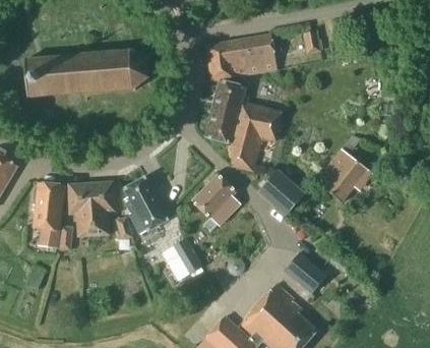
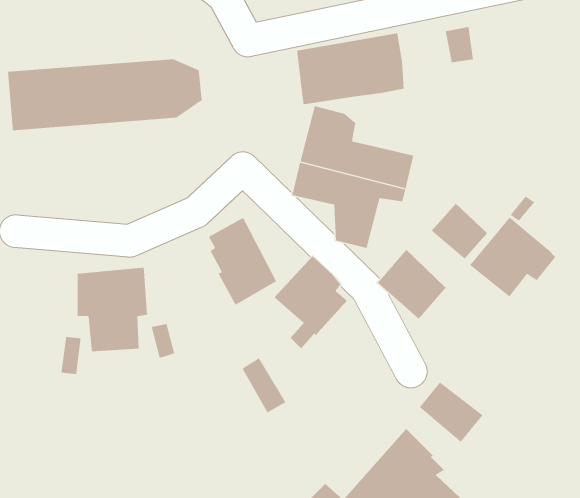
building: none -> [431,203,488,259]
building: [124,177,168,233] -> [208,217,277,306]
building: [35,182,65,248] -> none

